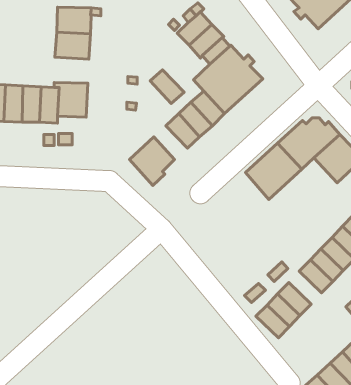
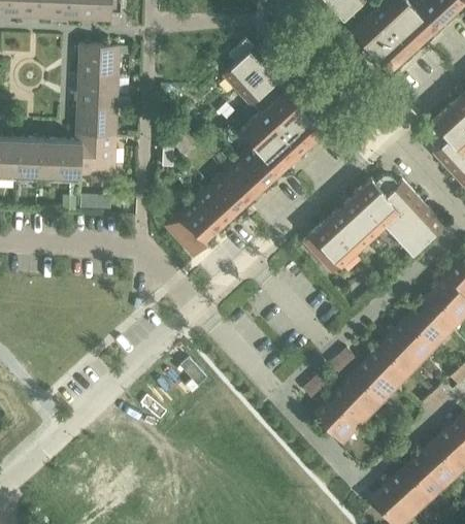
building: none -> [75,105,117,136]
building: [150,70,184,103] -> [194,187,234,227]
building: none -> [355,360,394,399]

